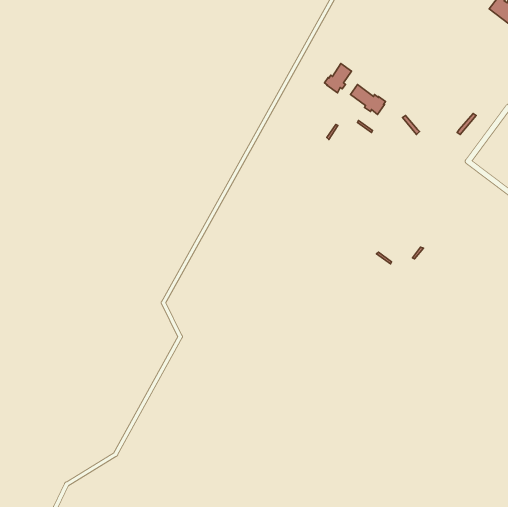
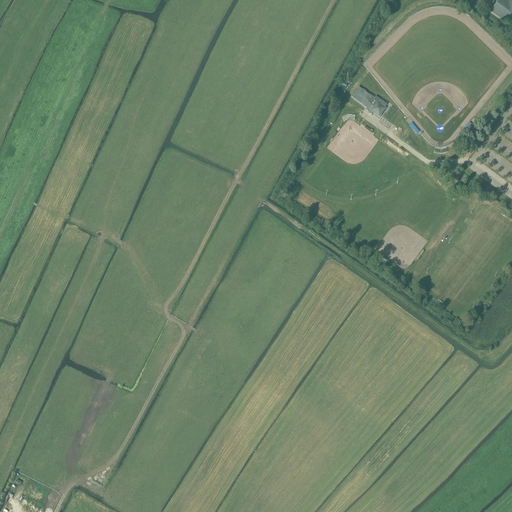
building: [325,64,351,93] -> none

